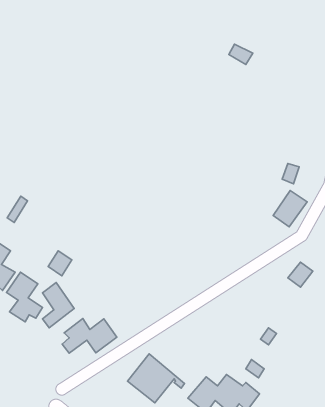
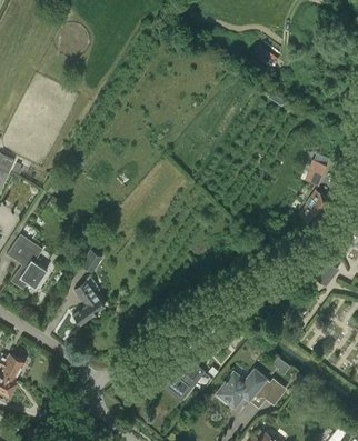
building: [7,272,43,322] -> none
building: [62,318,117,353] -> none

